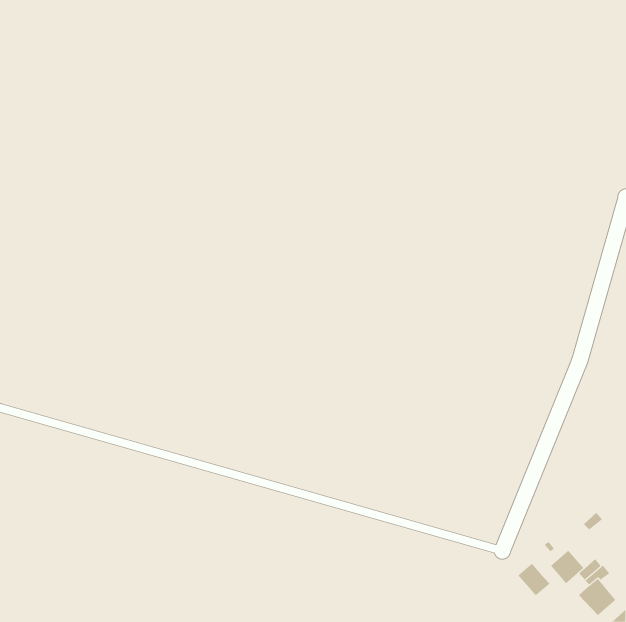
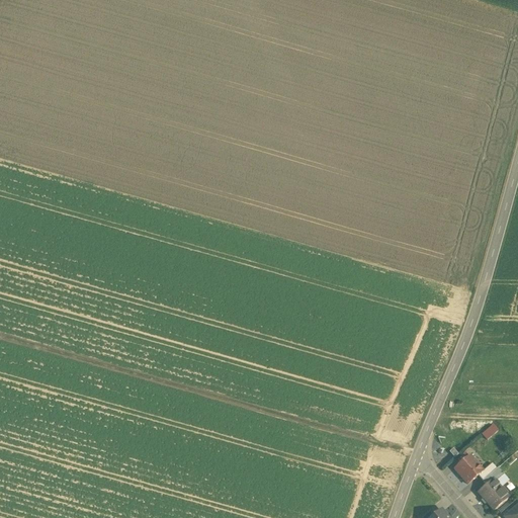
building: [518,563,550,596] -> none

